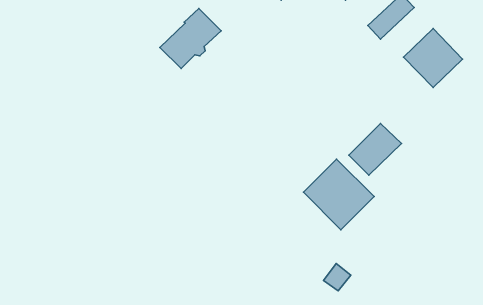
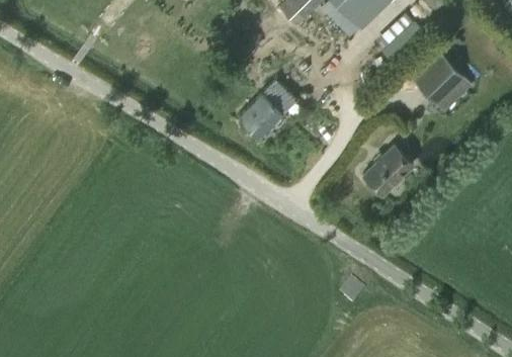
building: [160,9,221,69] -> [237,82,295,140]
building: [303,159,374,230] -> none

